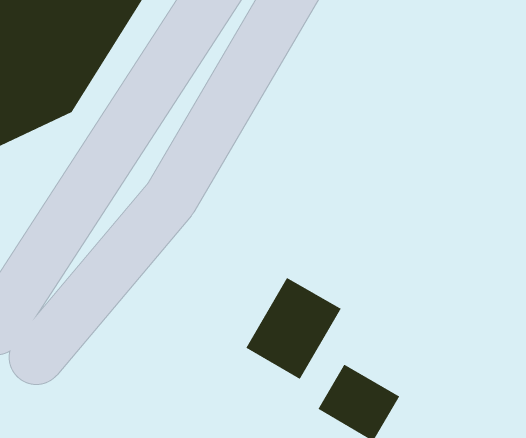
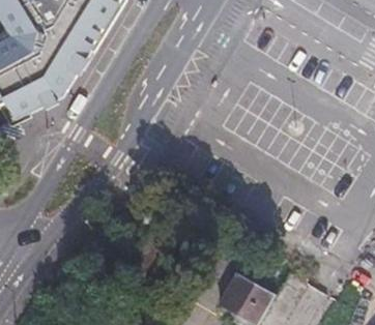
building: [246,277,341,380] -> none

